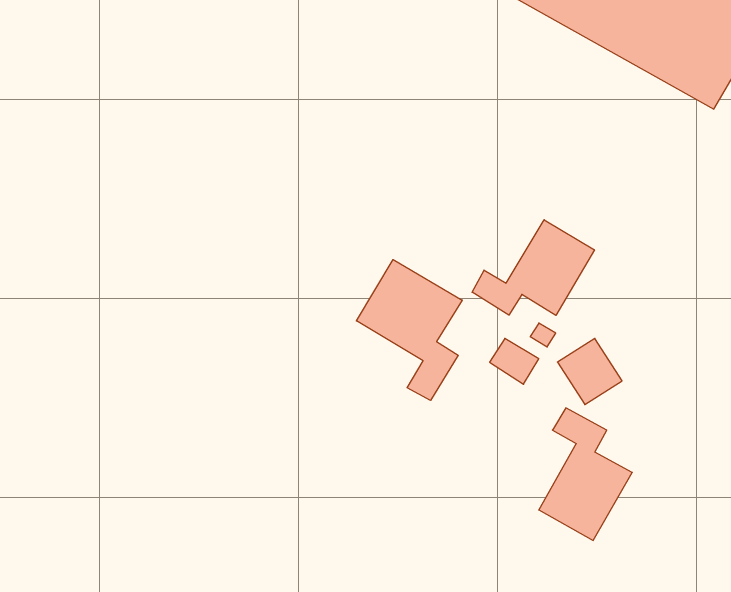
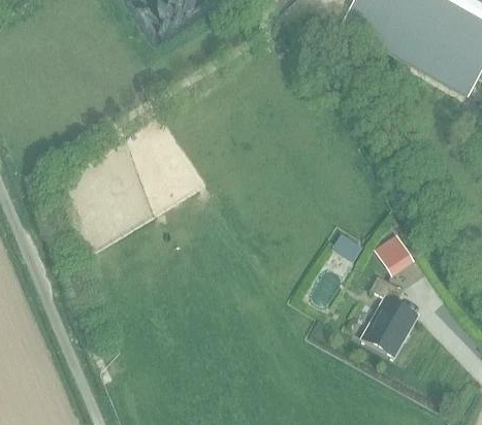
building: [472,220,594,315] -> none
building: [356,260,462,400] -> none

